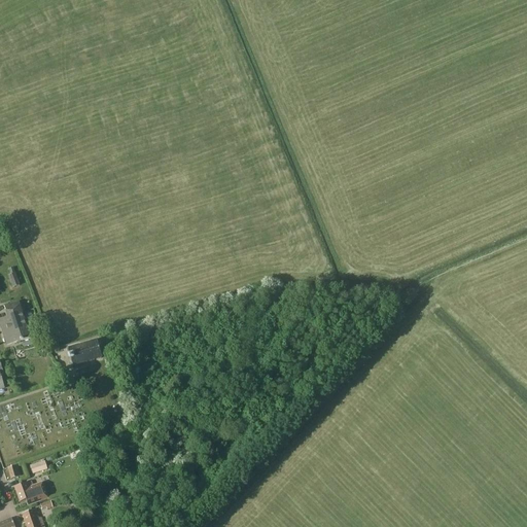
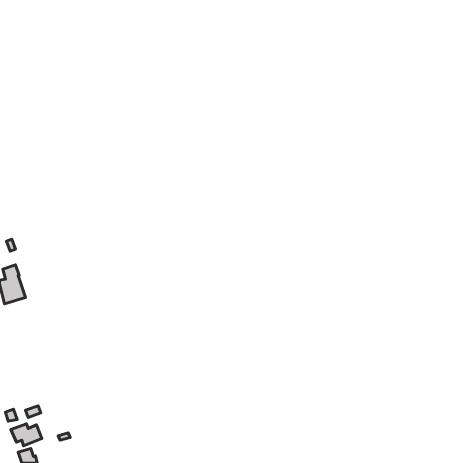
building: [65,340,103,365] -> none

